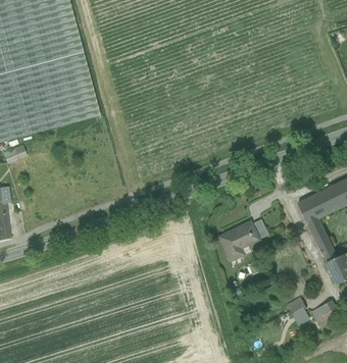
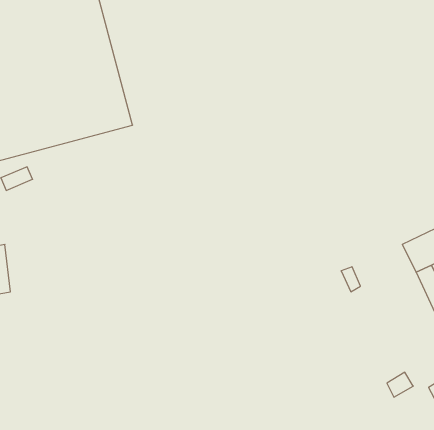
building: [217,224,258,261] -> none

